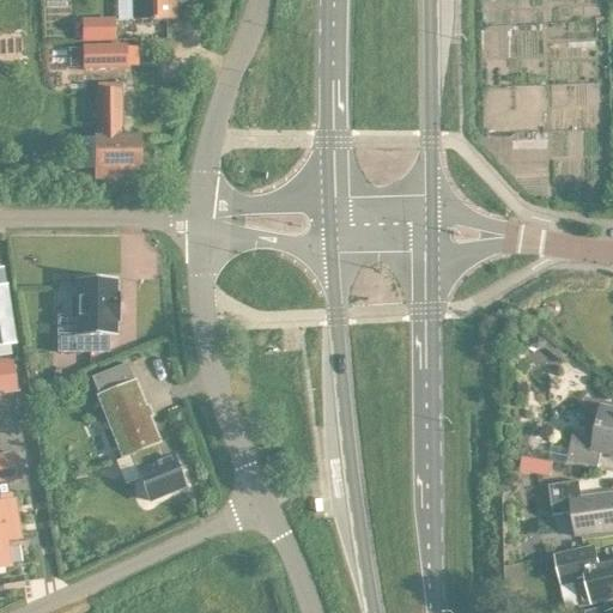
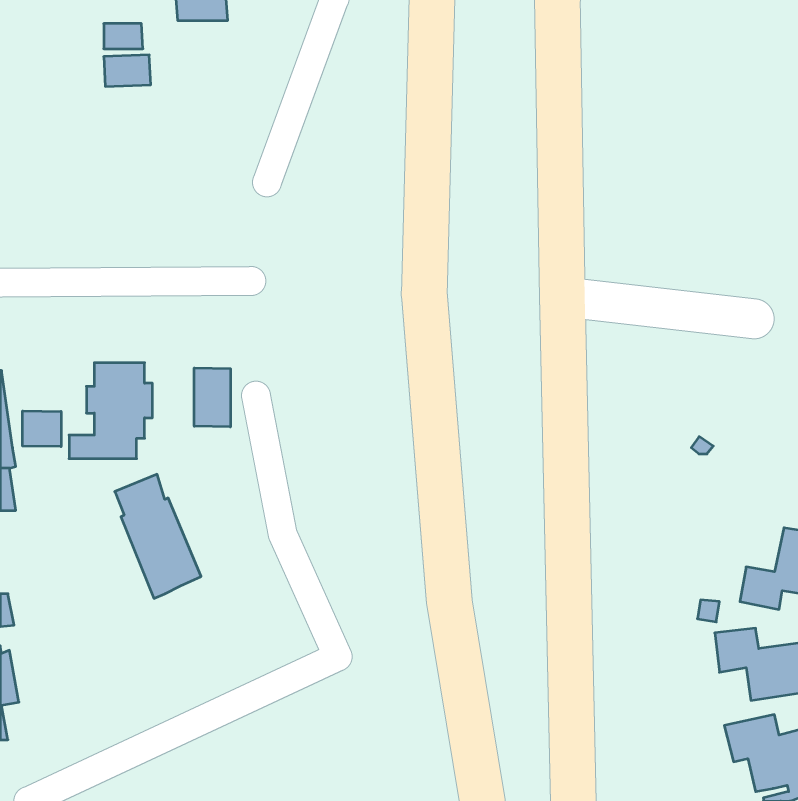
building: [79,86,139,175] -> none
building: none -> [194,368,230,427]
building: none -> [23,411,61,447]
building: [129,447,181,498] -> none

